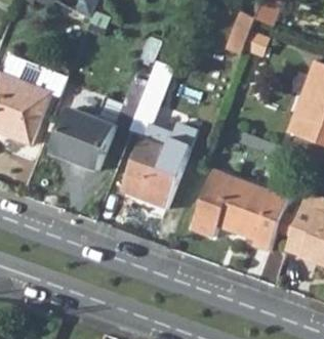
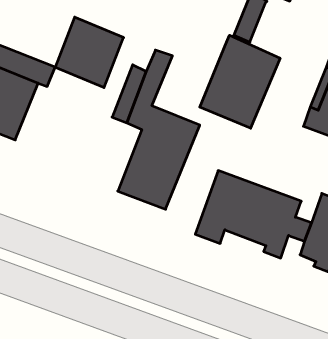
building: none -> [200,35,280,128]
building: [52,108,114,171] -> [55,17,124,88]

